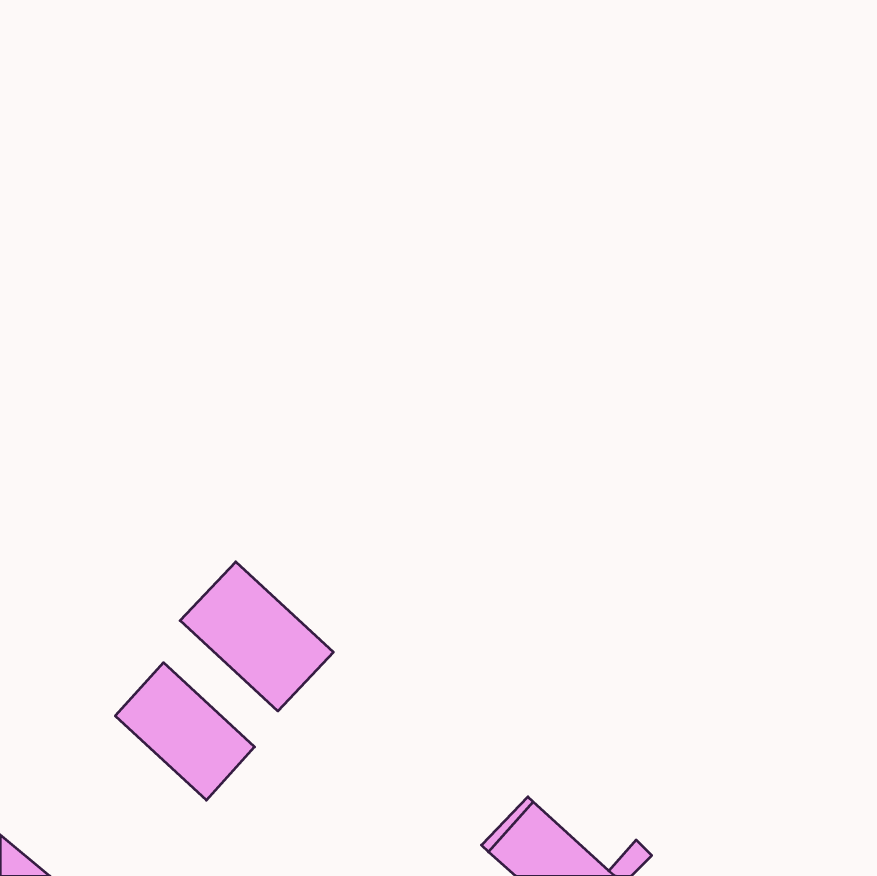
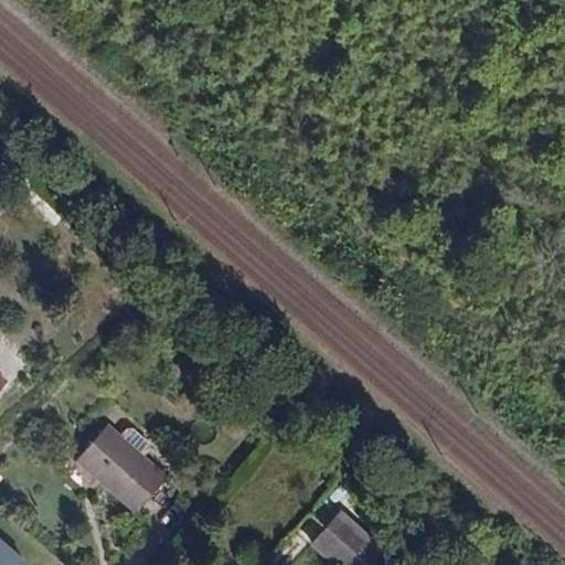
building: [180,562,333,711] -> none

